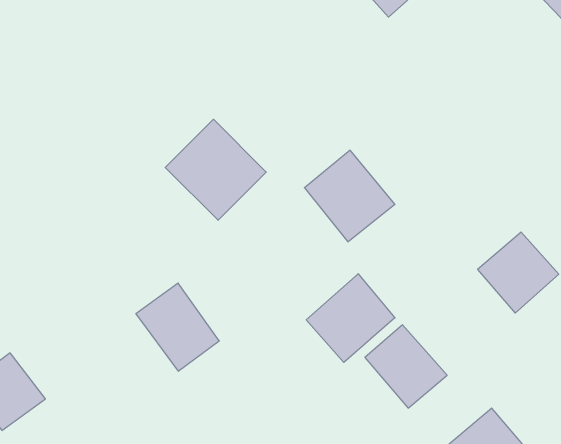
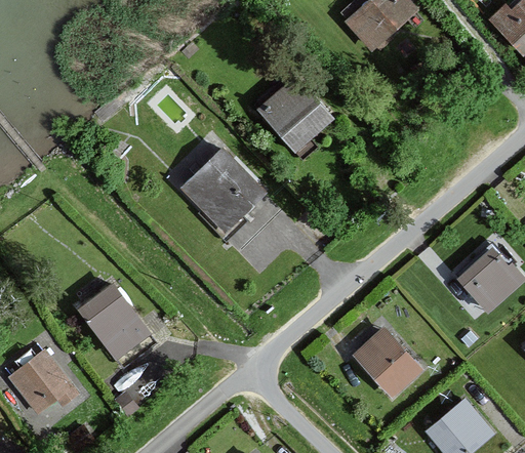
building: [304,150,395,242] -> [256,74,335,154]
building: [306,274,395,362] -> none
building: [136,283,219,371] -> [77,283,150,360]

